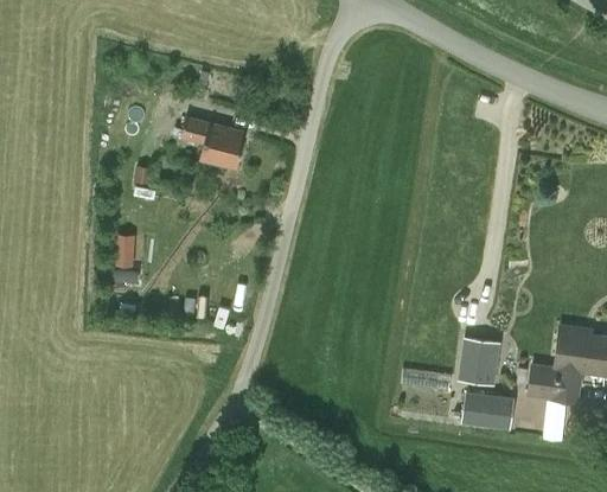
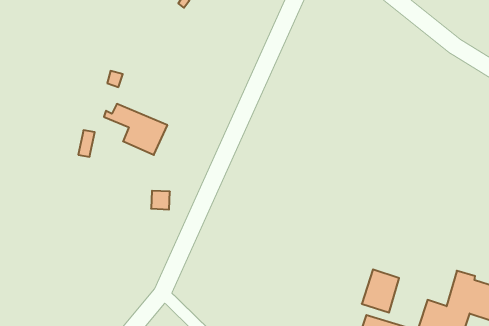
building: [174,121,247,171] -> [104,104,167,155]

